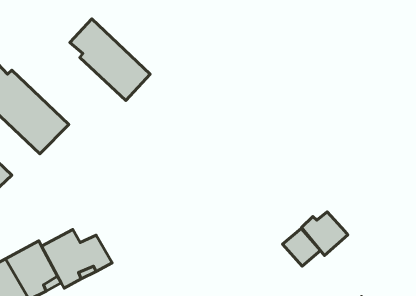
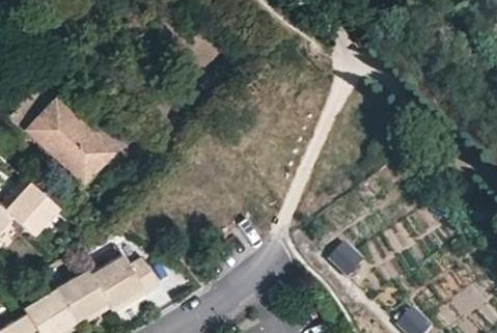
building: [70,19,150,101] -> none
building: [301,212,348,255] -> none

